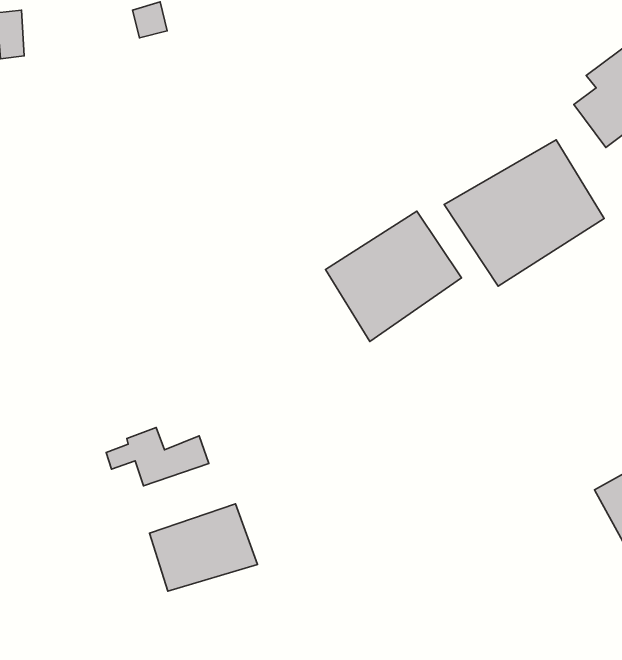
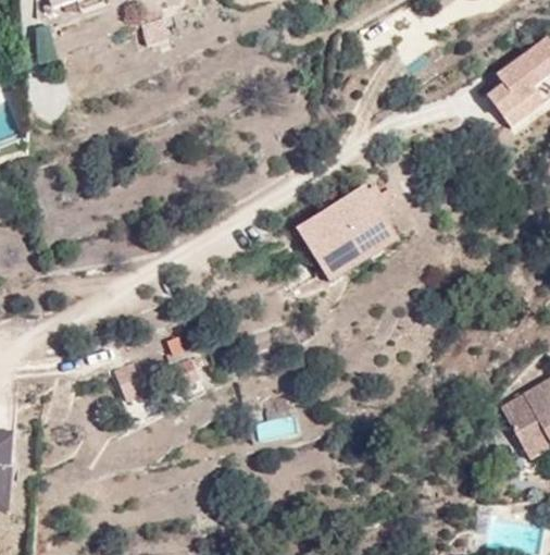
building: [444,140,604,286] -> none
building: [149,504,257,591] -> none

